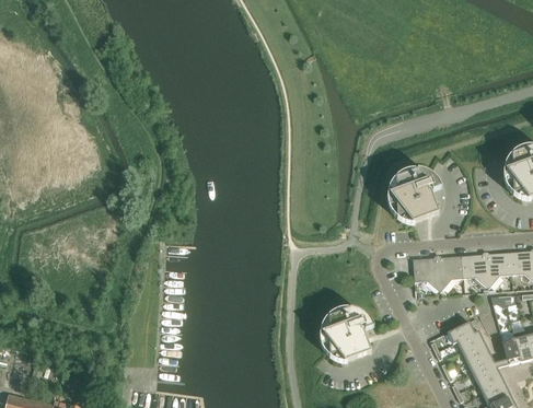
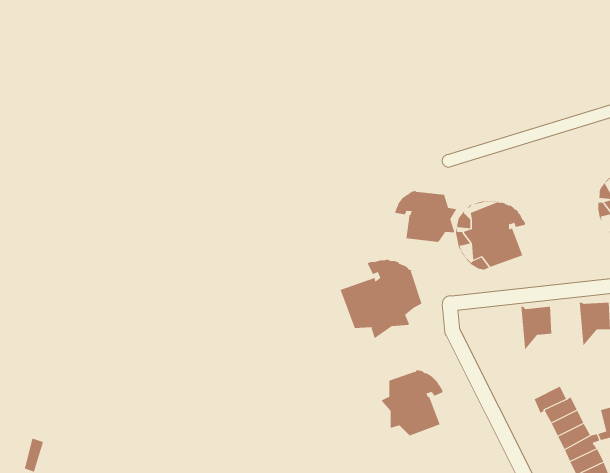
building: none -> [395,190,457,243]
building: none -> [340,259,422,339]
building: [461,252,487,289] -> none
building: [412,255,439,292] -> none

